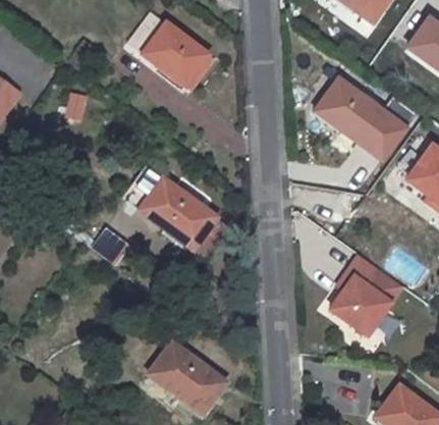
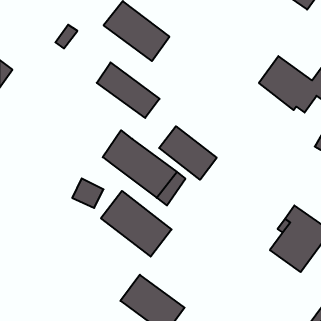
building: none -> [97,62,160,118]
building: none -> [159,126,217,180]
building: none -> [101,191,172,257]

